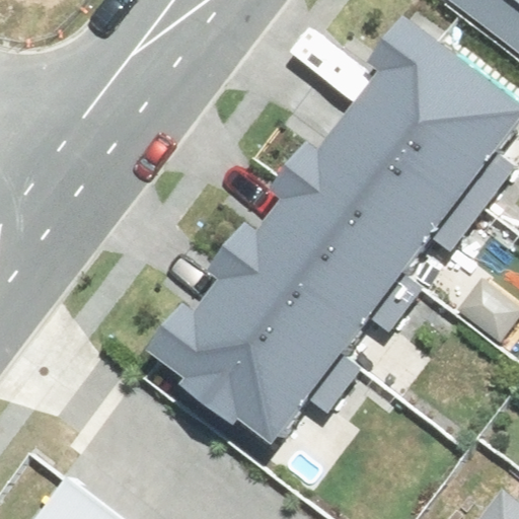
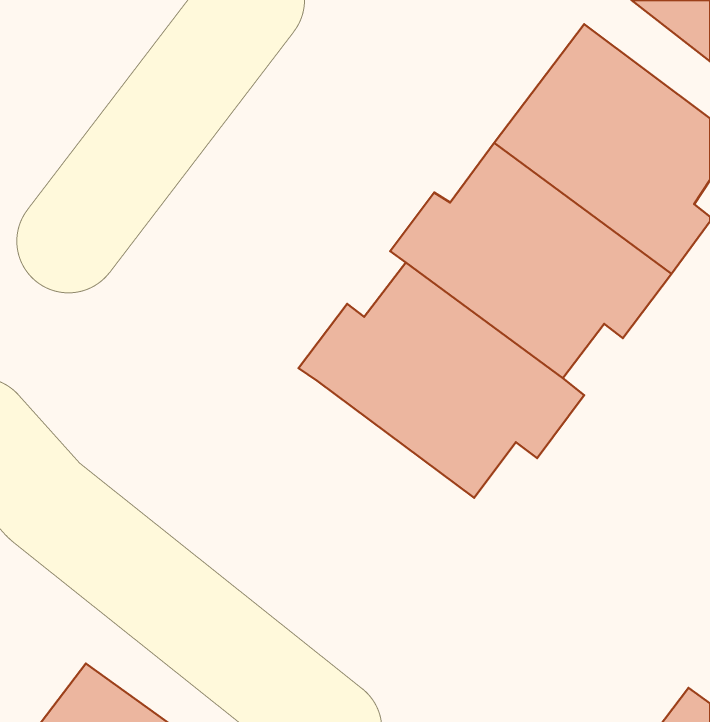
building: [148,276,350,443] -> none

